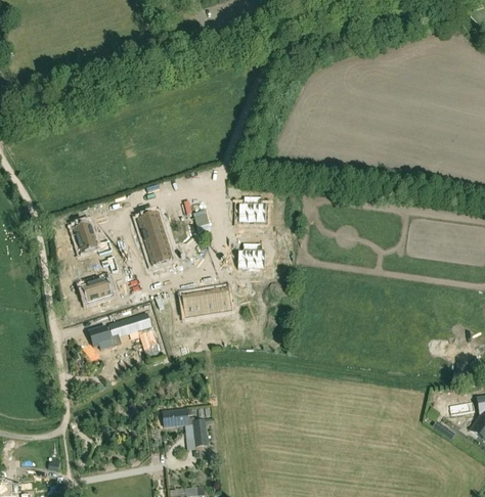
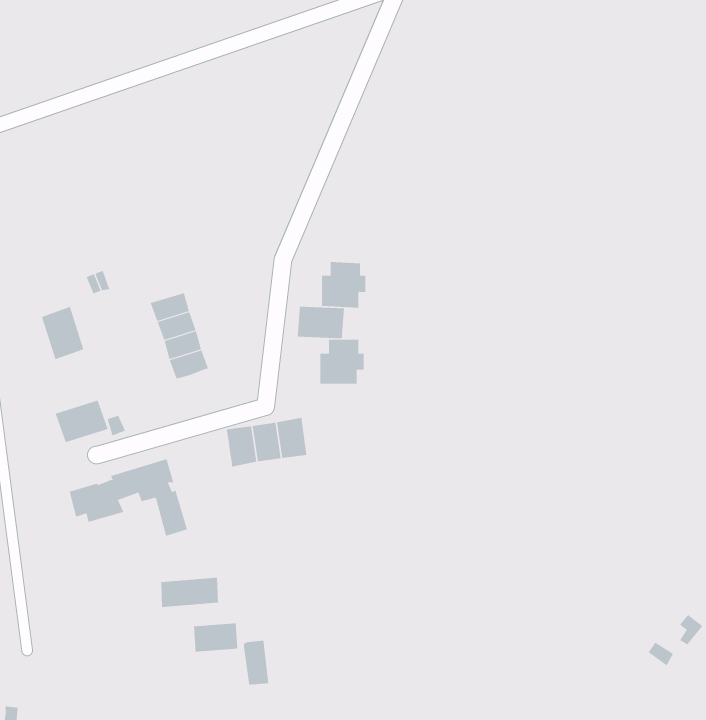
building: none -> [297,306,344,339]
building: none -> [161,577,218,608]

